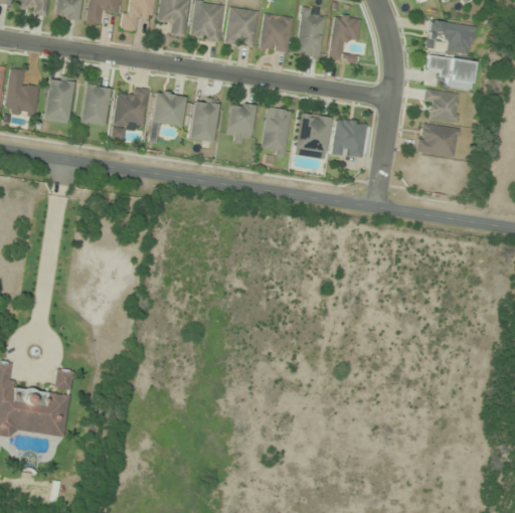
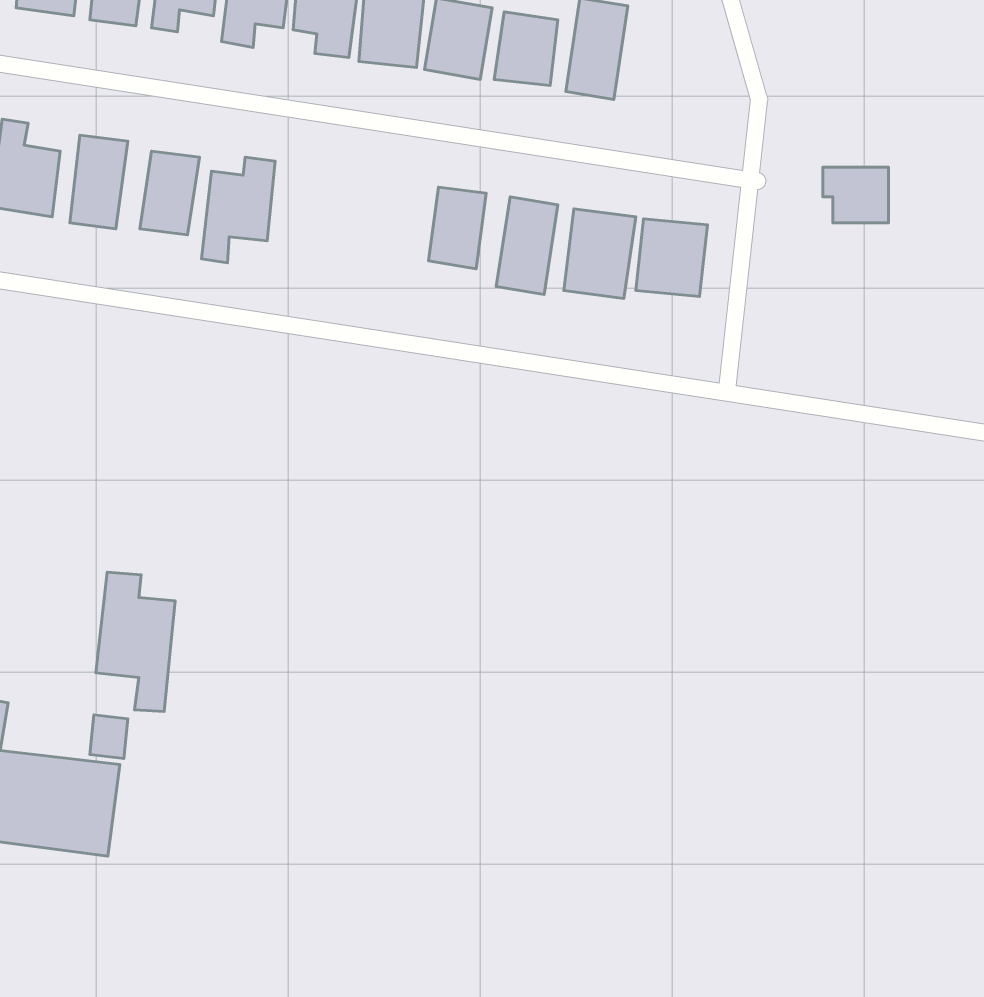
building: [329,14,360,60] -> none
building: [426,18,475,53] -> none
building: [425,54,474,89] -> none
building: [152,92,185,128] -> none
building: [189,99,219,141] -> none
building: [416,124,457,156] -> none
building: none -> [96,572,175,711]

